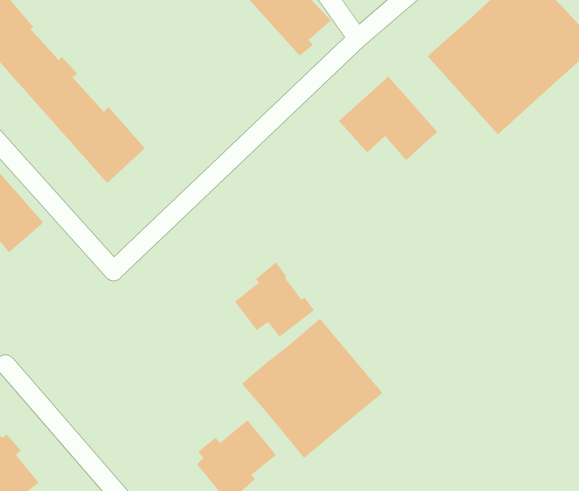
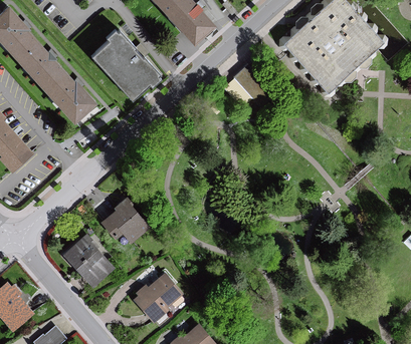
building: none -> [92,31,161,101]
building: [234,262,315,337] -> [99,197,150,244]
building: [241,318,383,459] -> none
building: none -> [60,233,114,287]

